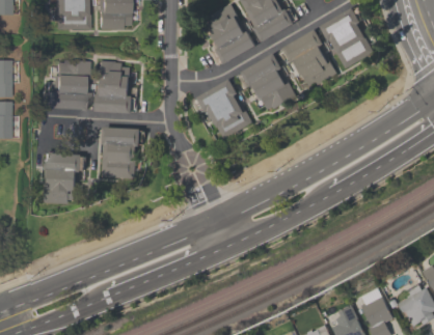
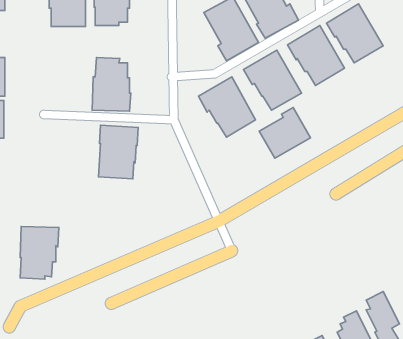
building: [51,60,89,109] -> none
building: none -> [259,108,310,158]
building: [45,151,82,202] -> [20,226,59,279]

